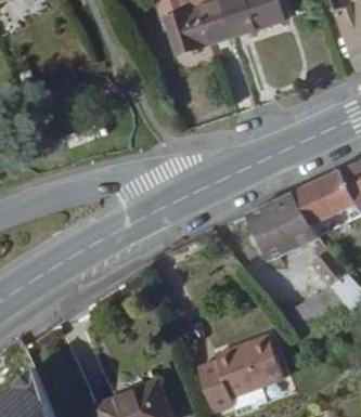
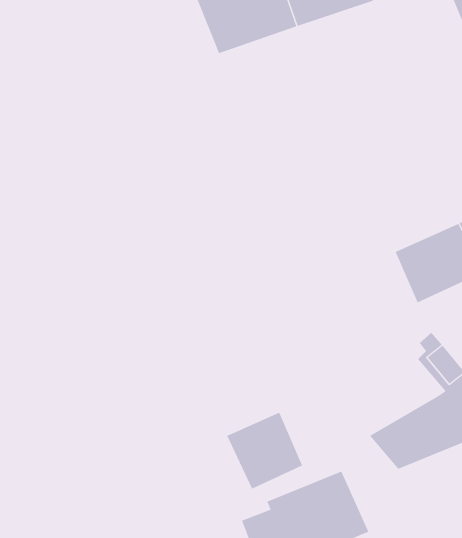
building: [246,187,320,258] -> none
building: none -> [226,412,303,490]

